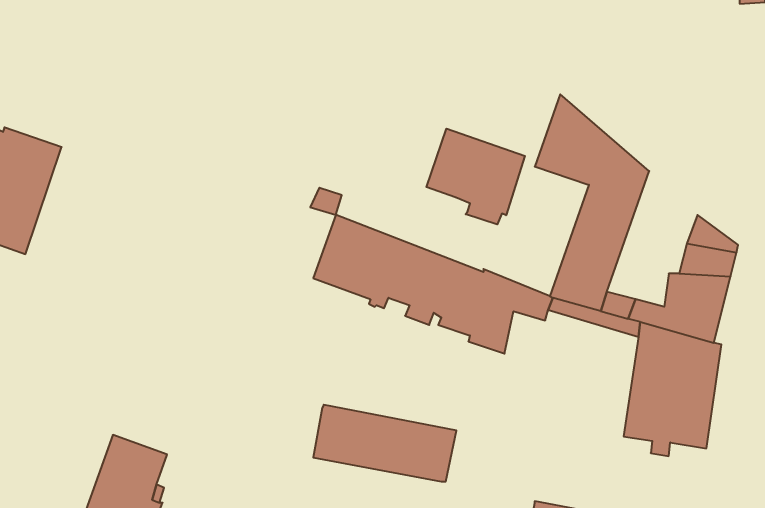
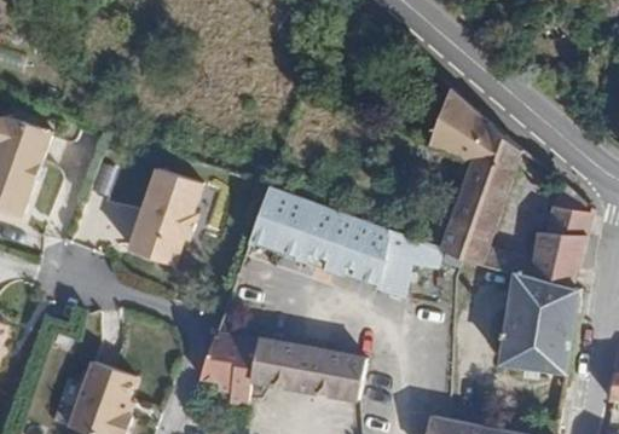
building: [426,129,525,224] -> none
building: none -> [127,167,201,265]
building: none -> [198,330,259,405]

